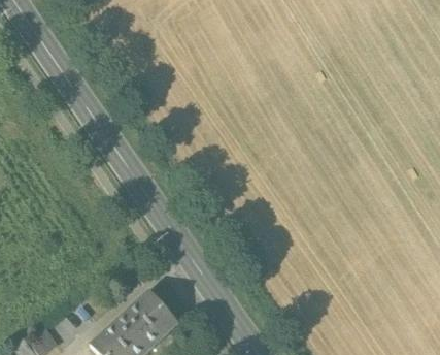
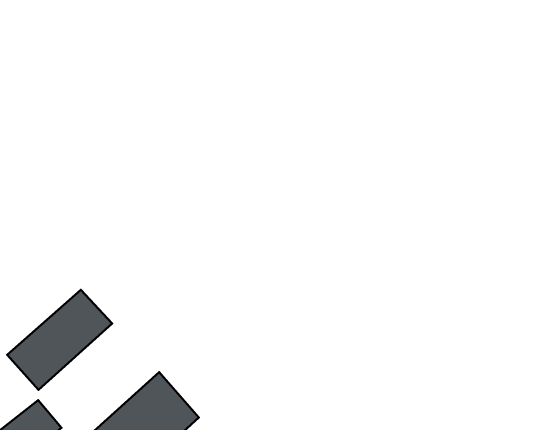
building: none -> [7,290,112,390]

